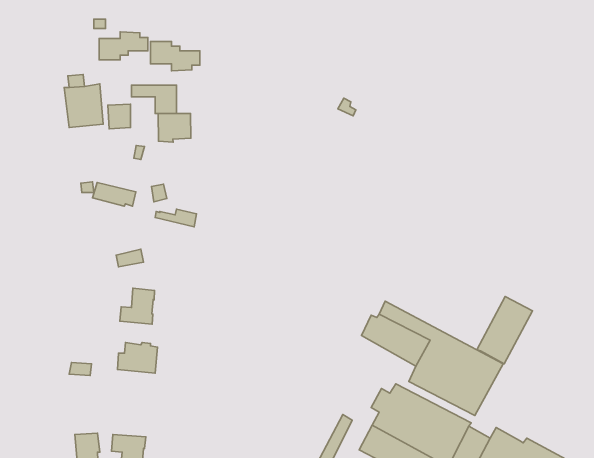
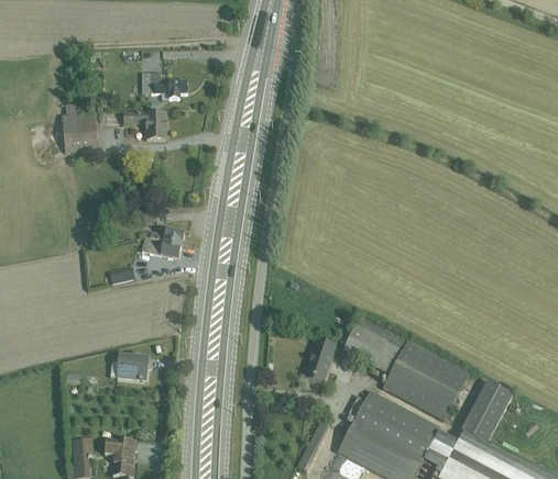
building: [99,32,148,60] -> none
building: [158,113,191,142] -> none
building: [92,182,136,206] -> [141,236,182,258]
building: [120,288,155,324] -> none
building: [477,297,532,364] -> [460,381,512,444]
building: none -> [303,338,336,385]

